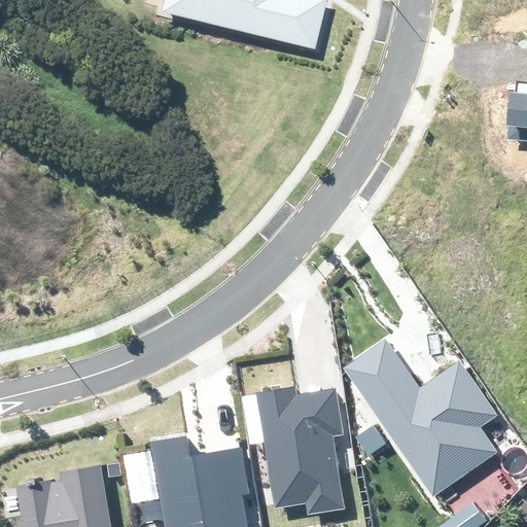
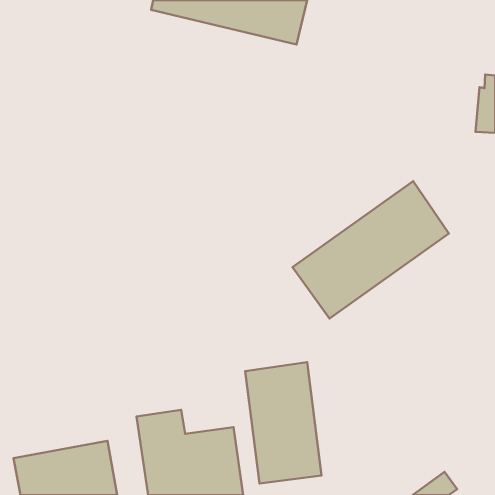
building: none -> [293,181,449,318]
building: [342,338,497,496] -> none

